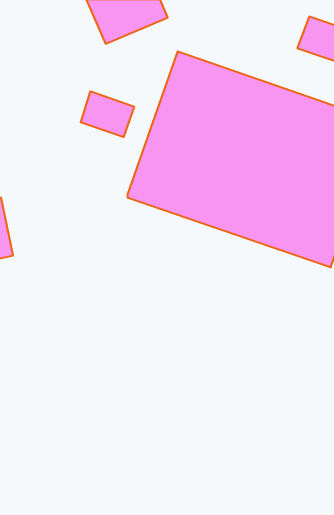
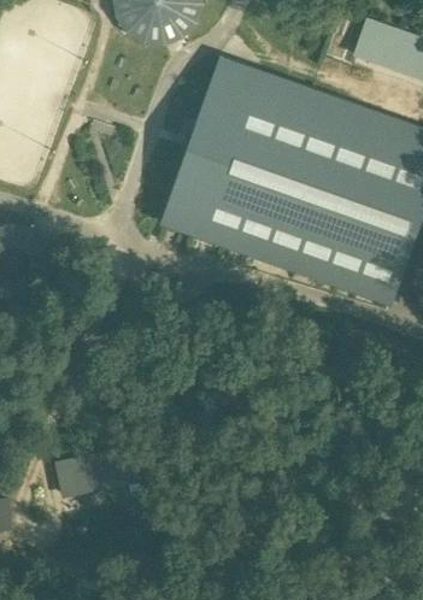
building: [81,91,134,137] -> none
building: none -> [48,447,116,495]

